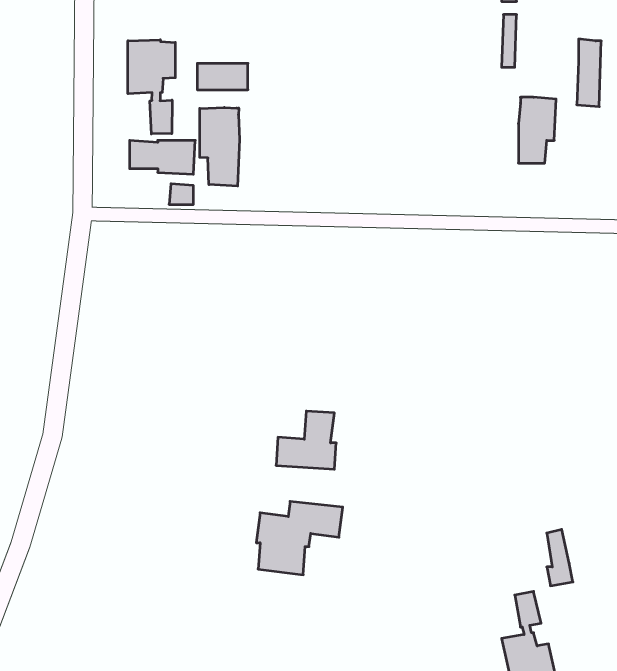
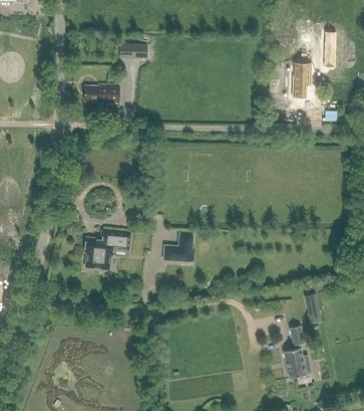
building: [128,40,175,134] -> none
building: [200,107,240,186] -> none
building: [256,501,343,575] -> [84,230,130,269]

